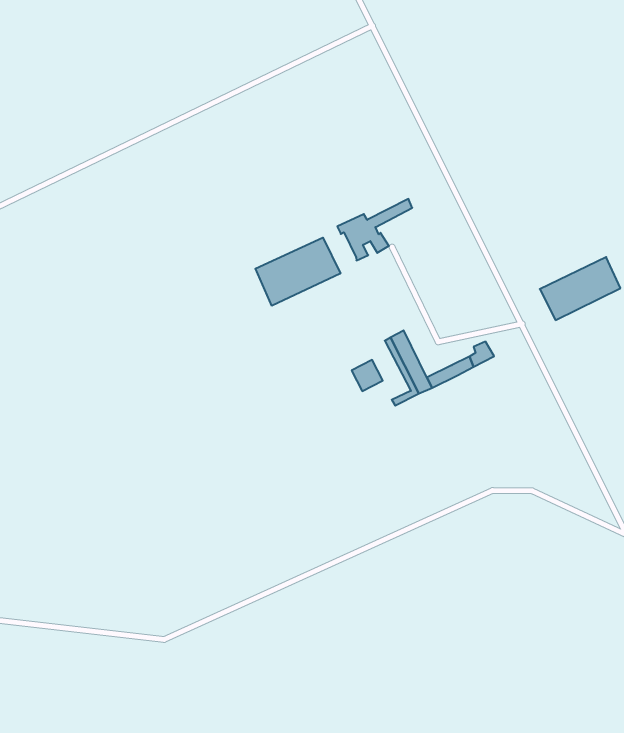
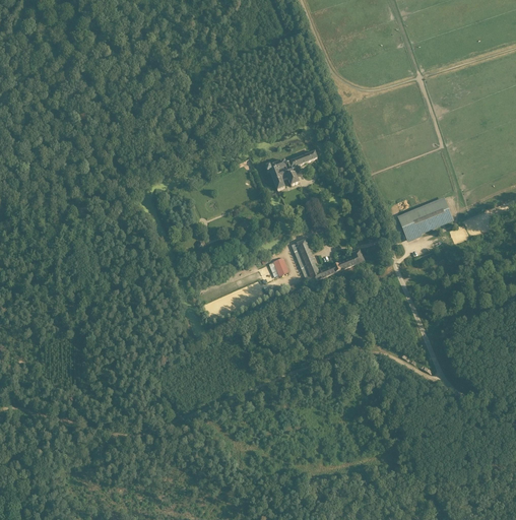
building: [255,238,340,306] -> none

